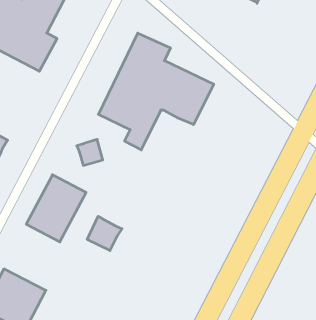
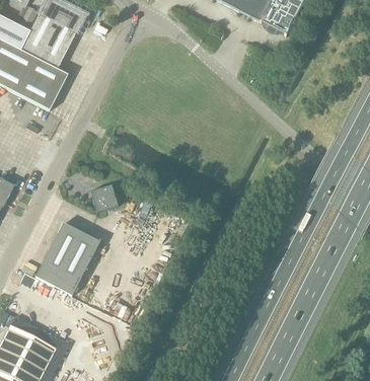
building: [98,33,214,150] -> none
building: [87,216,122,251] -> none

